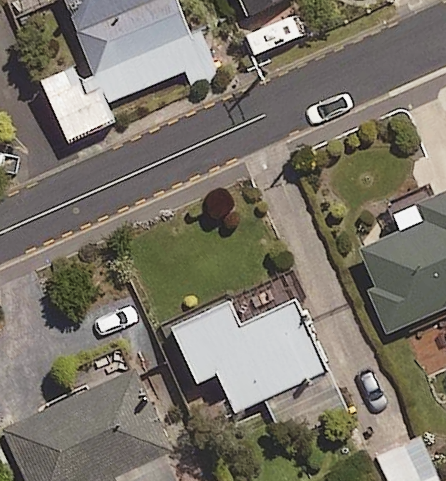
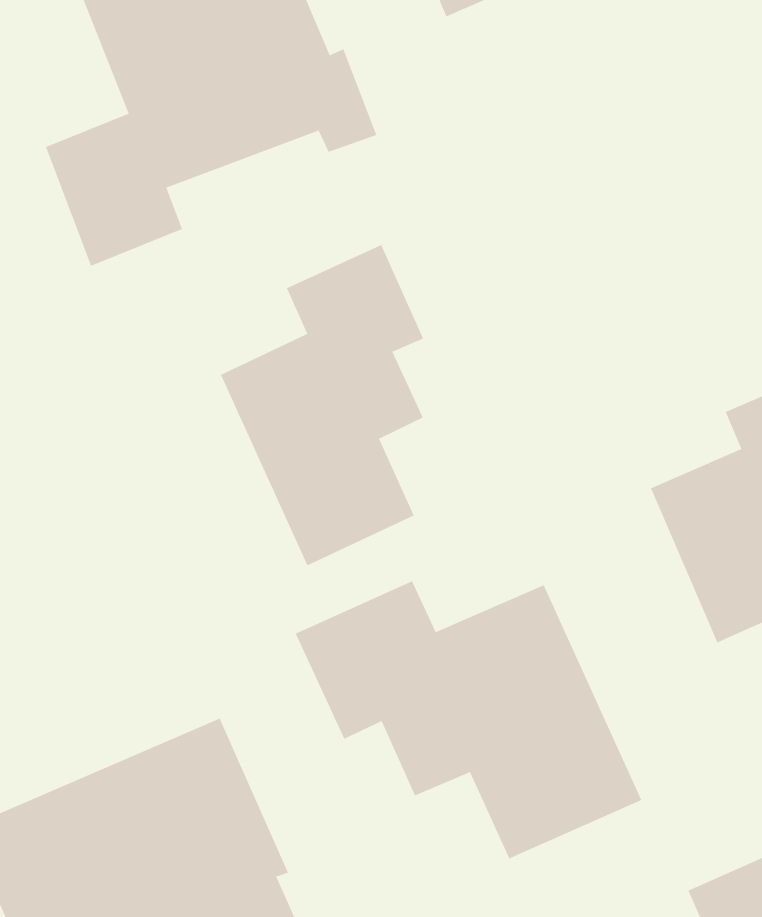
building: none -> [220,244,424,566]

